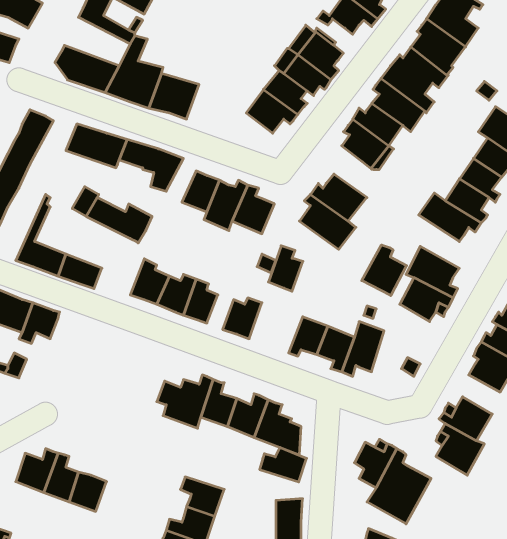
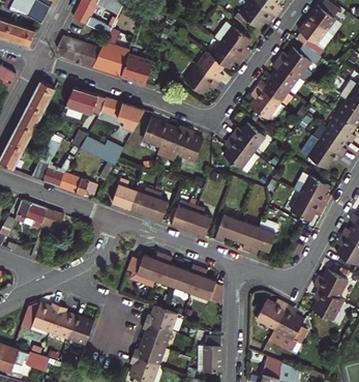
building: [362,245,407,296] -> none
building: [268,246,303,291] -> [187,206,210,236]
building: [260,447,307,482] -> [145,306,176,329]

